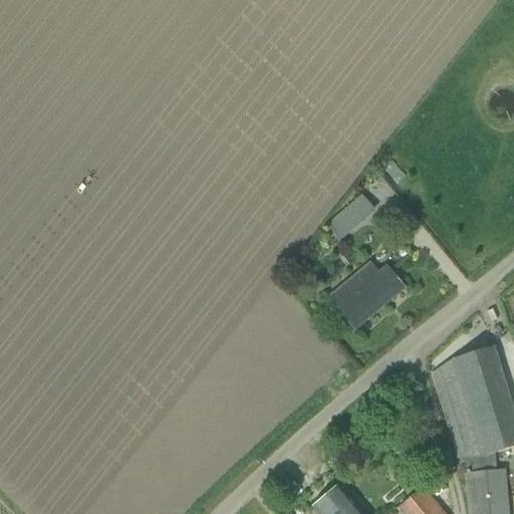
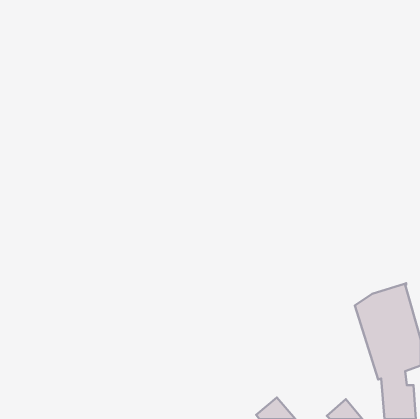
building: [330,197,373,238] -> none
building: [330,264,405,328] -> none

